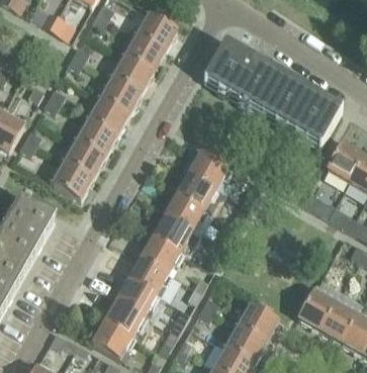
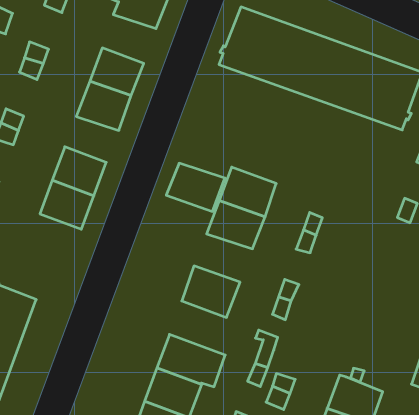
building: [126,33,165,70] -> none
building: [90,98,128,132] -> none
building: [53,160,92,197] -> none
building: [164,192,205,228] -> [166,163,225,211]
building: [140,235,180,276] -> none

